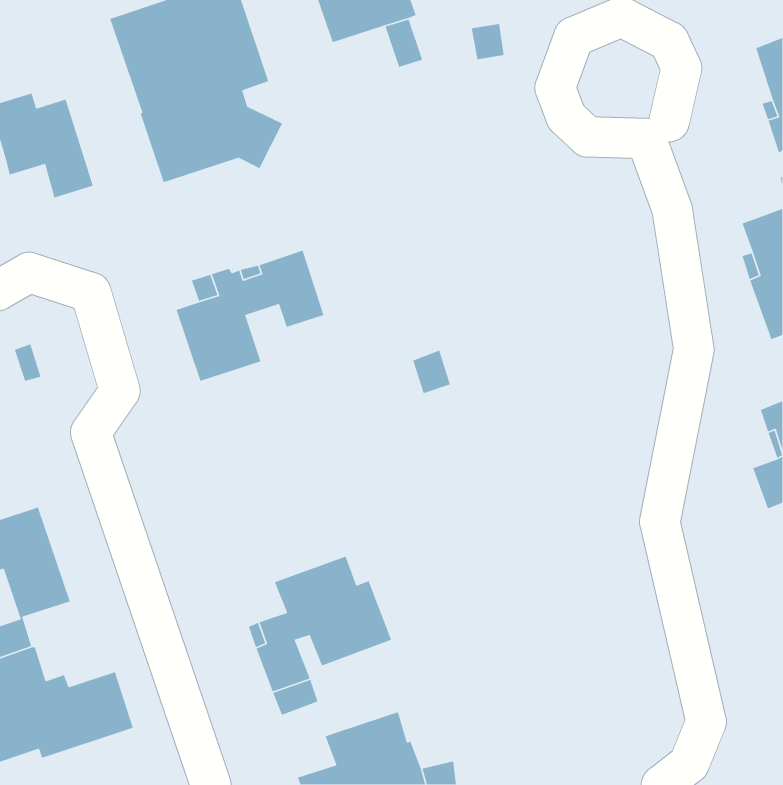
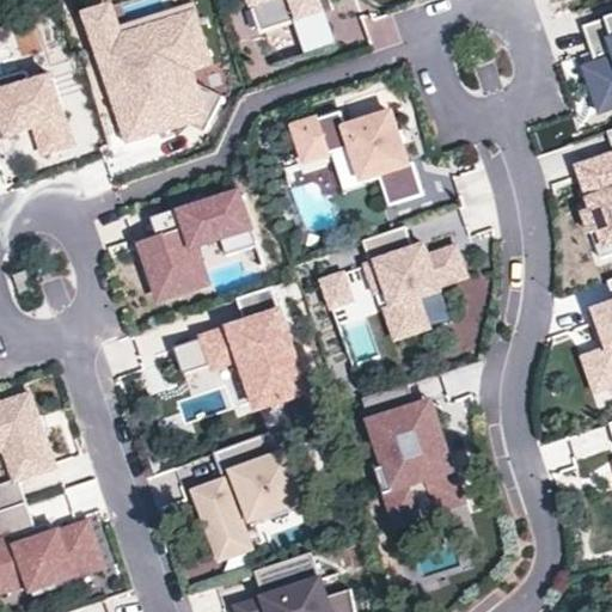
building: none -> [286,111,418,207]
building: none -> [362,225,466,339]
building: none -> [183,314,319,411]
building: none -> [360,384,464,525]

